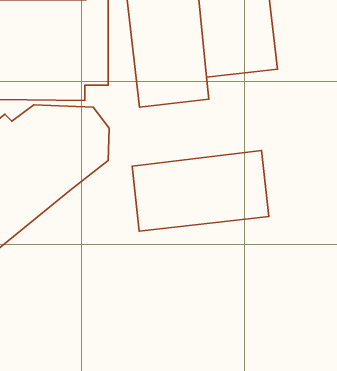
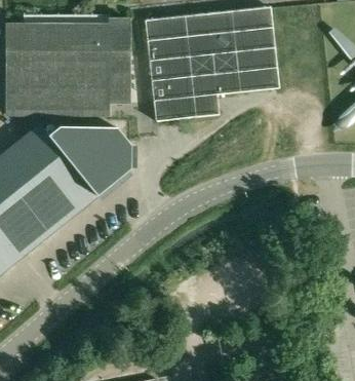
building: [132,151,269,231] -> none

